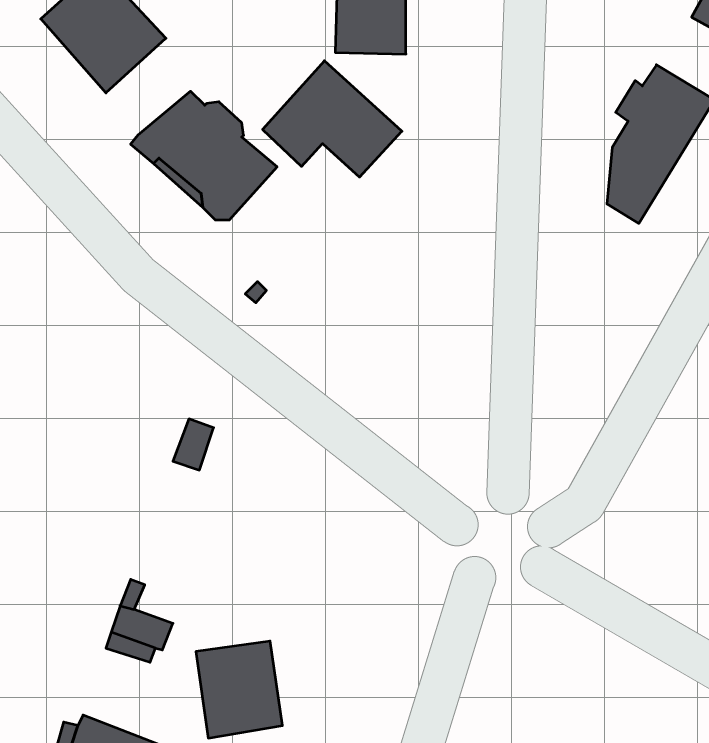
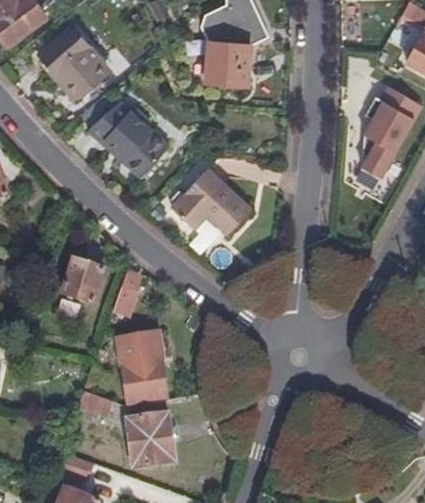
building: [263,61,402,177] -> [172,168,251,234]
building: none -> [58,264,102,310]
building: none -> [117,333,167,404]

